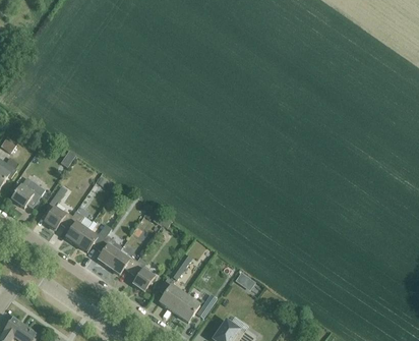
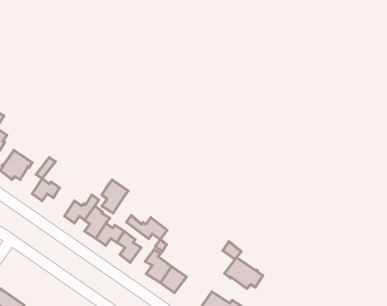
building: [65,211,92,244] -> [102,180,128,213]
building: none -> [126,215,167,240]
building: none -> [224,258,263,289]

